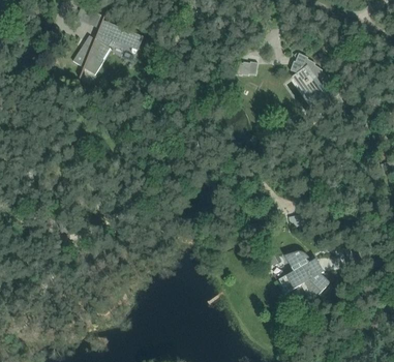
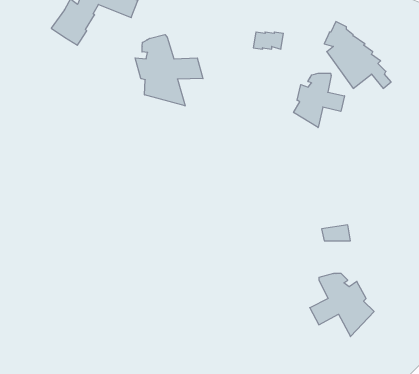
building: none -> [135,35,203,106]
building: none -> [294,73,344,128]

